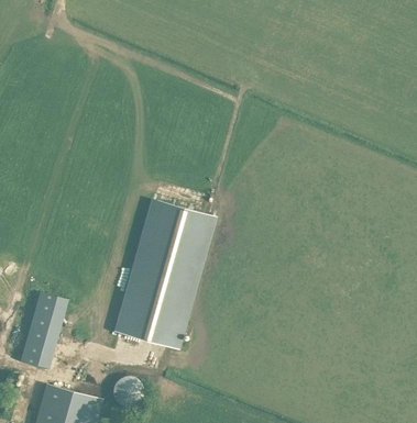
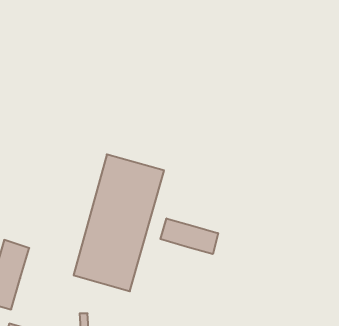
building: none -> [160,218,218,254]

